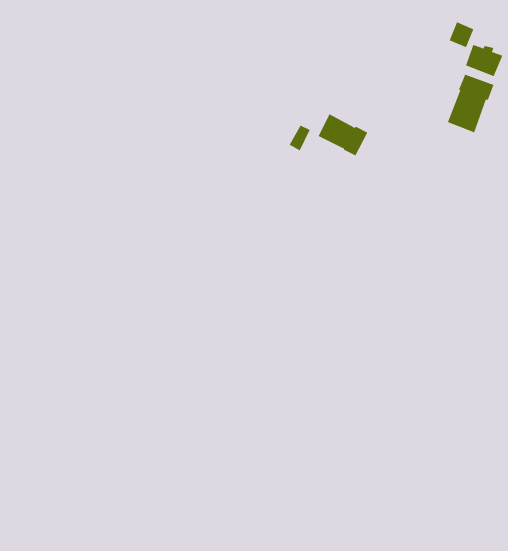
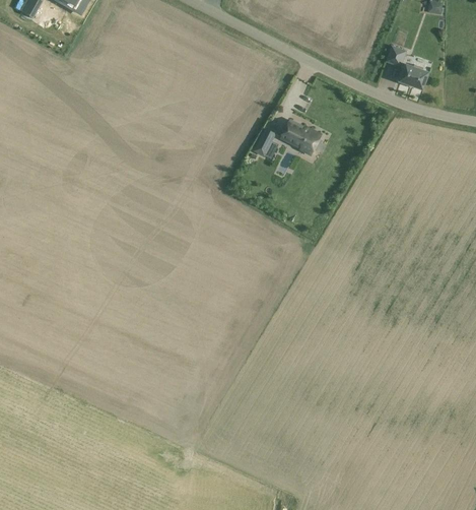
building: [447,74,494,133] -> none

